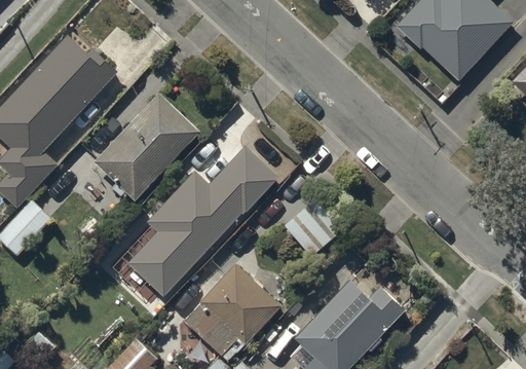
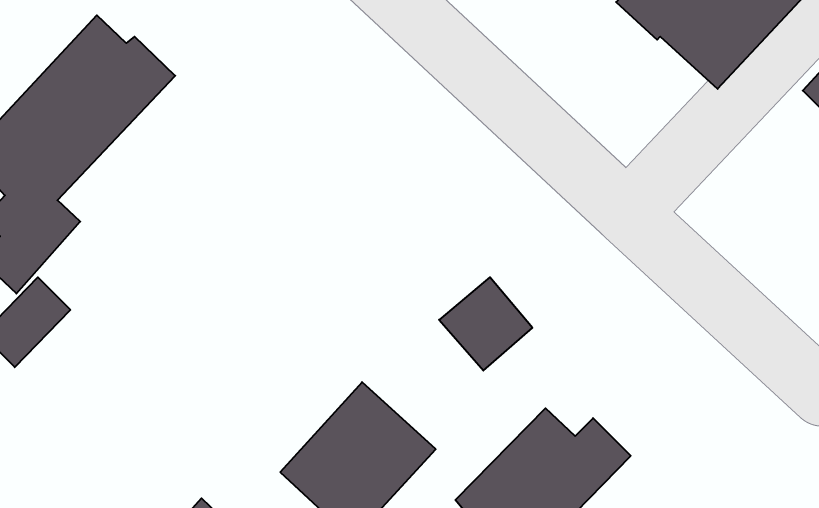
building: [95,95,199,200] -> none
building: [128,146,277,295] -> none

